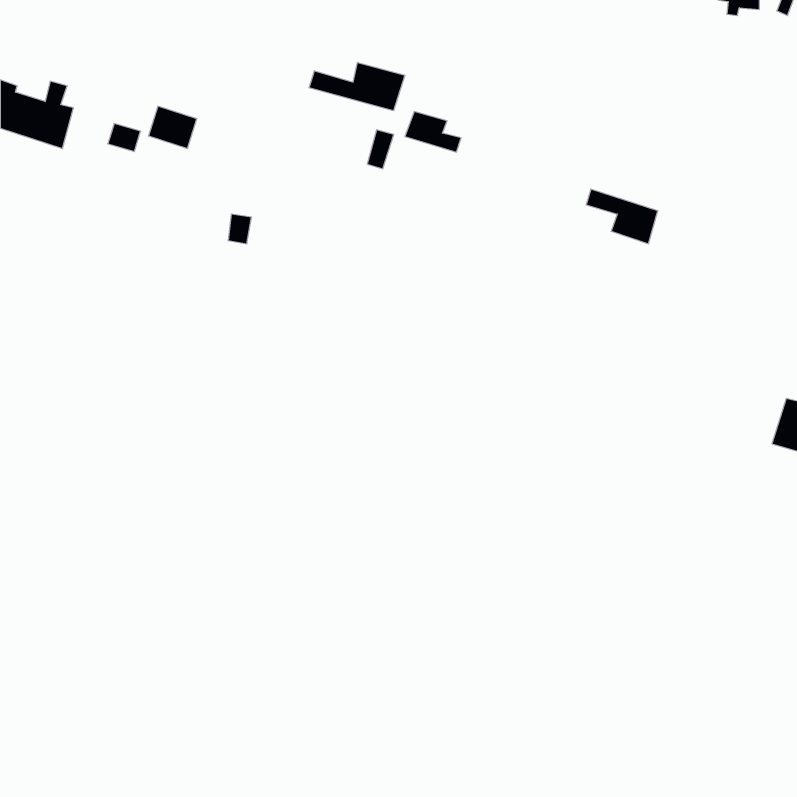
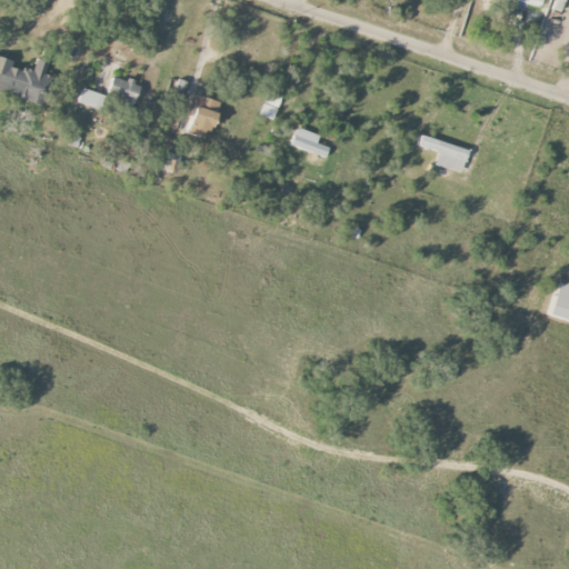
building: [309,62,405,111] -> none
building: [405,111,461,152] -> [290,128,330,157]
building: none -> [188,96,220,139]

